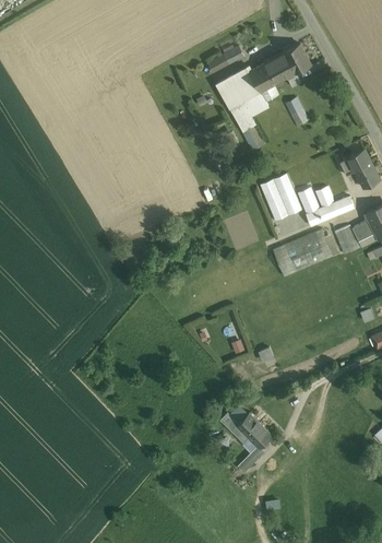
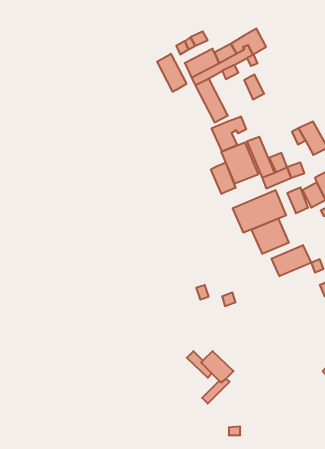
building: none -> [157,54,186,92]
building: none -> [212,116,246,152]
building: none -> [211,162,236,194]
building: none -> [252,218,289,254]
building: none -> [272,245,311,276]

